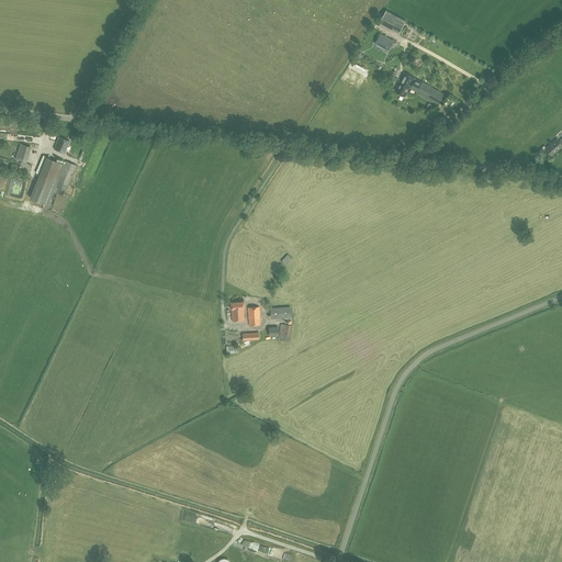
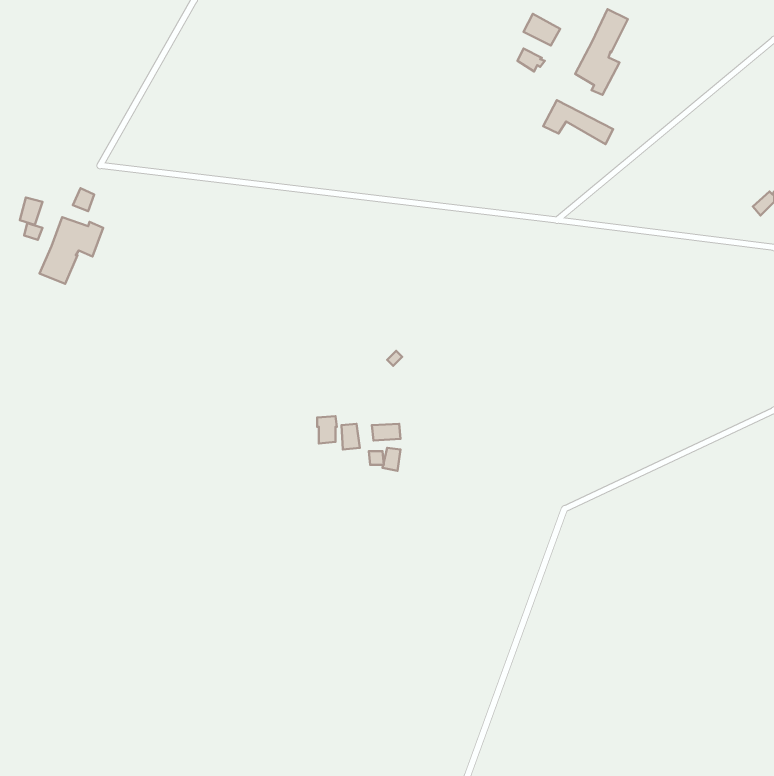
building: none -> [575,9,628,95]

